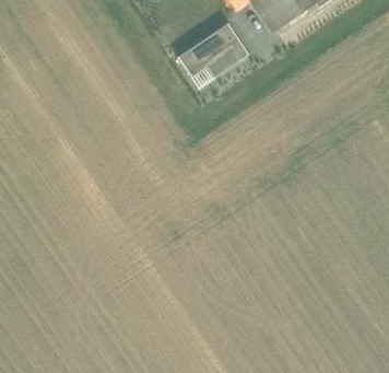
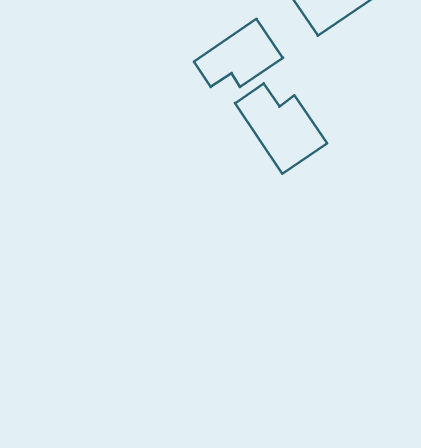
building: none -> [235,83,327,174]

